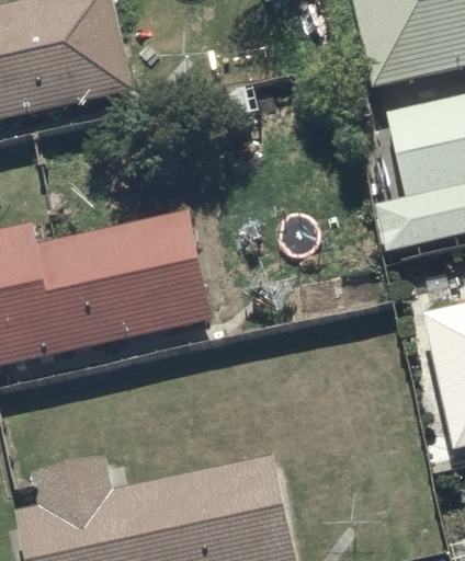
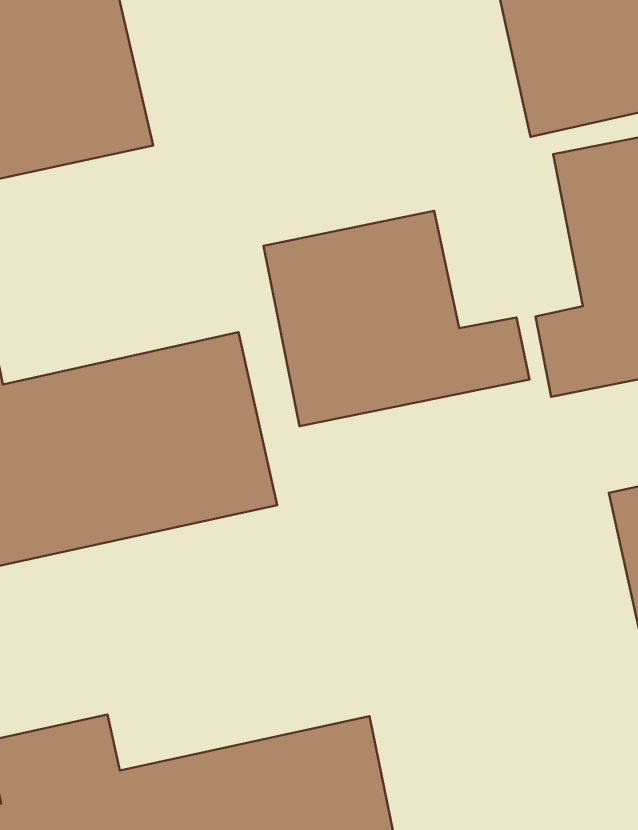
building: none -> [263,211,530,426]

